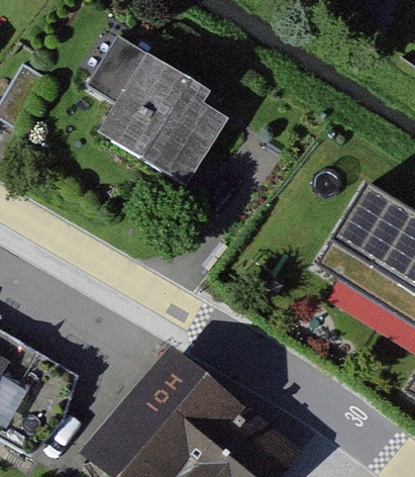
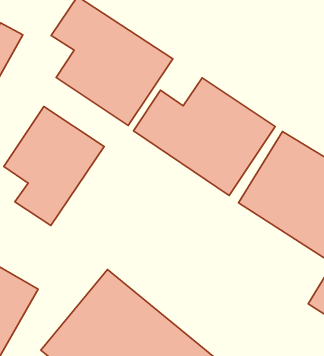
building: none -> [134,78,275,195]
building: none -> [4,106,104,226]

